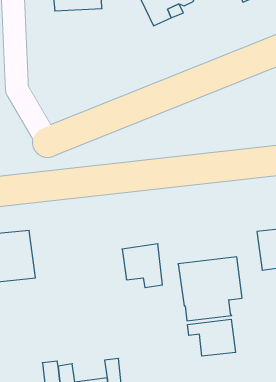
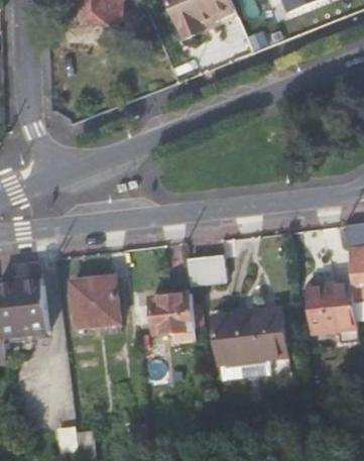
building: none -> [186,257,226,284]
building: none -> [69,275,120,336]
building: [188,319,236,356] -> none

